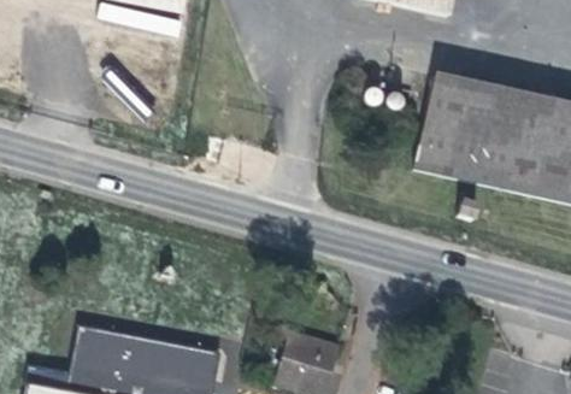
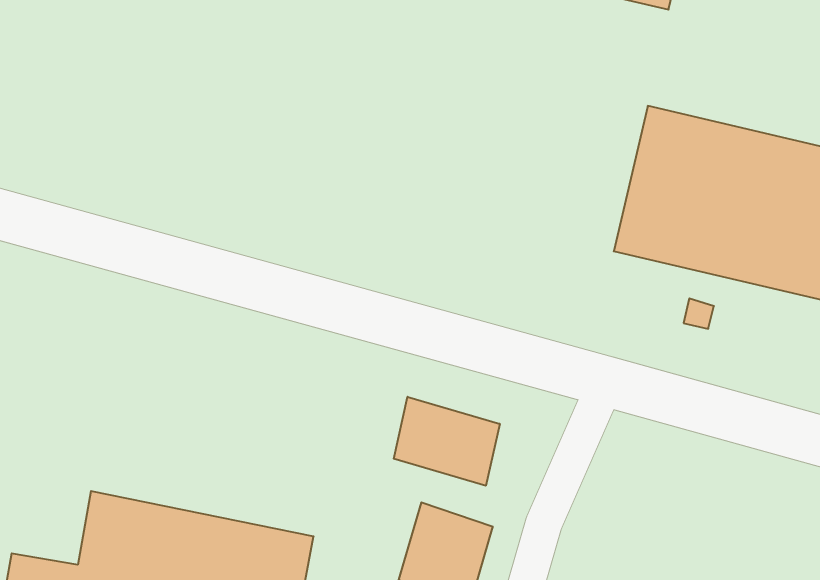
building: none -> [394,397,500,486]

